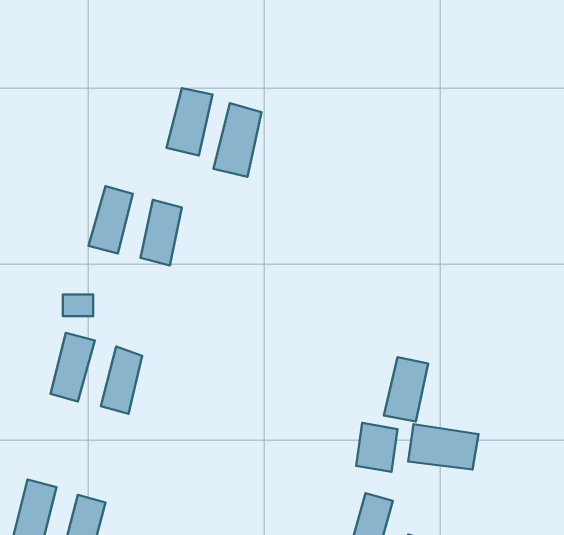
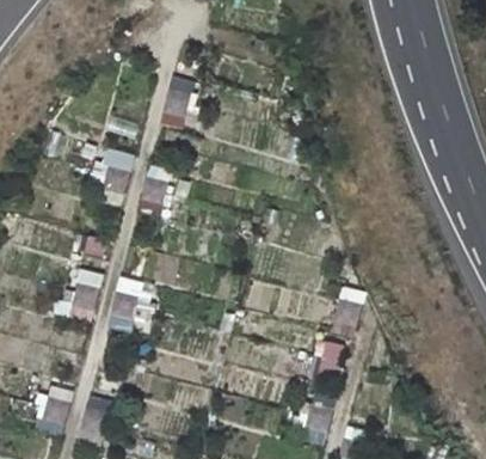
building: [213,103,262,177] -> none
building: [408,424,479,469] -> none

